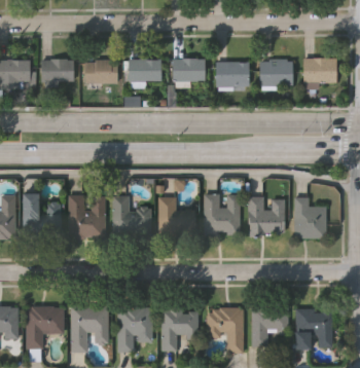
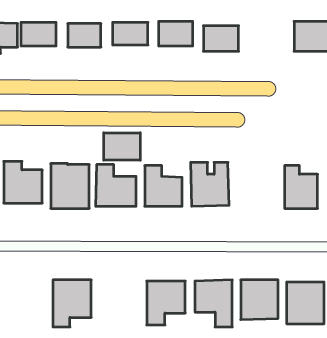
building: [260,60,293,85] -> none
building: none -> [104,133,140,160]
building: [249,195,286,234] -> none
building: [117,305,153,352] -> none
building: [27,306,64,347] -> none

